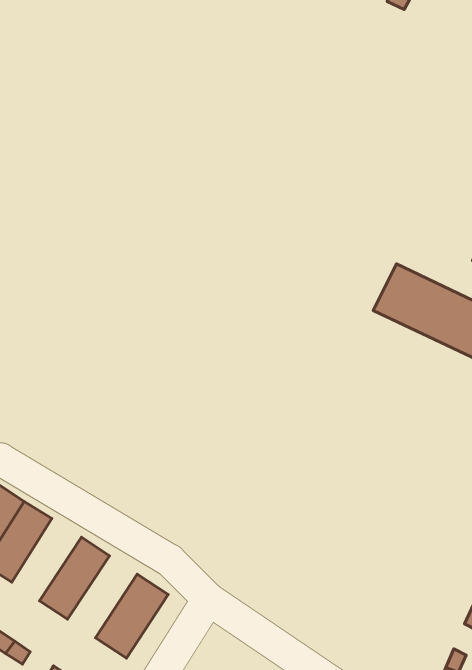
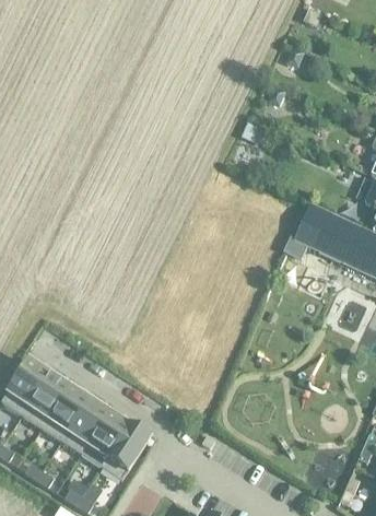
building: none -> [39,383,89,441]
building: none -> [79,409,128,467]

